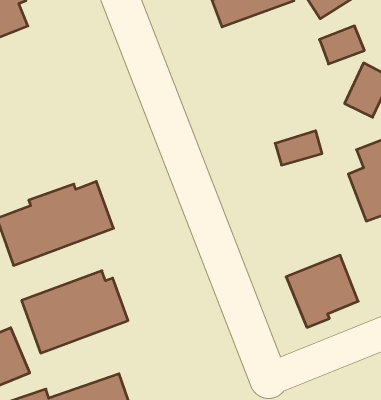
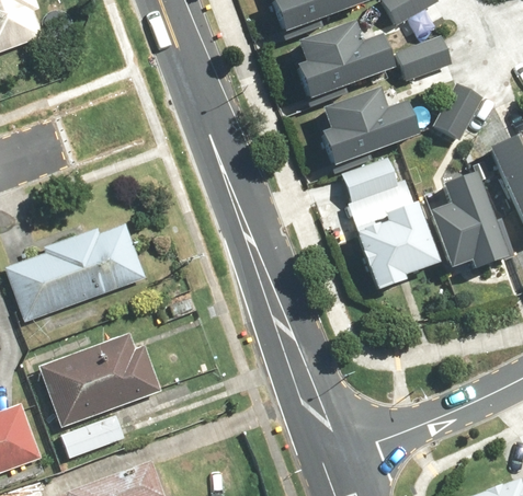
building: none -> [296,22,396,99]
building: none -> [321,88,421,165]
building: [286,255,358,327] -> [353,205,441,292]

